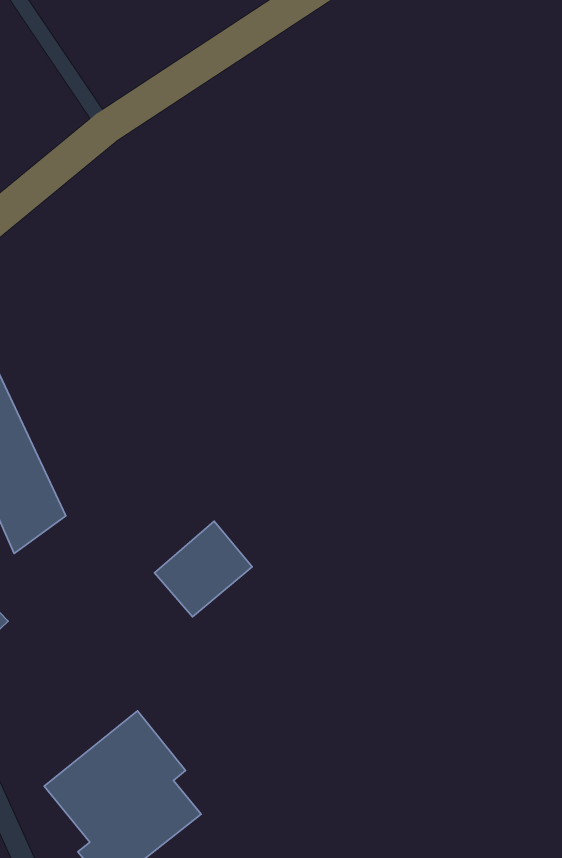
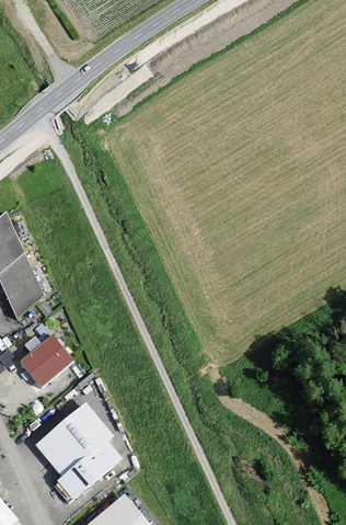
building: [155,521,252,617] -> [20,334,73,387]

